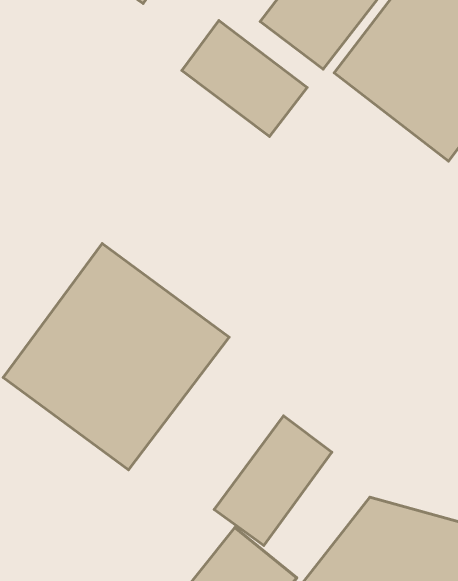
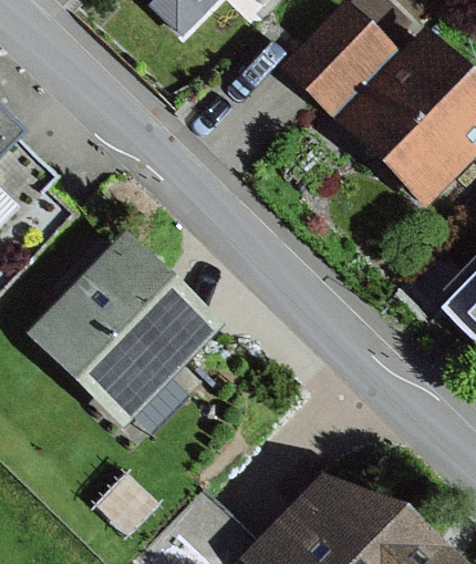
building: [182,21,307,136] -> none
building: [214,416,332,545] -> none

